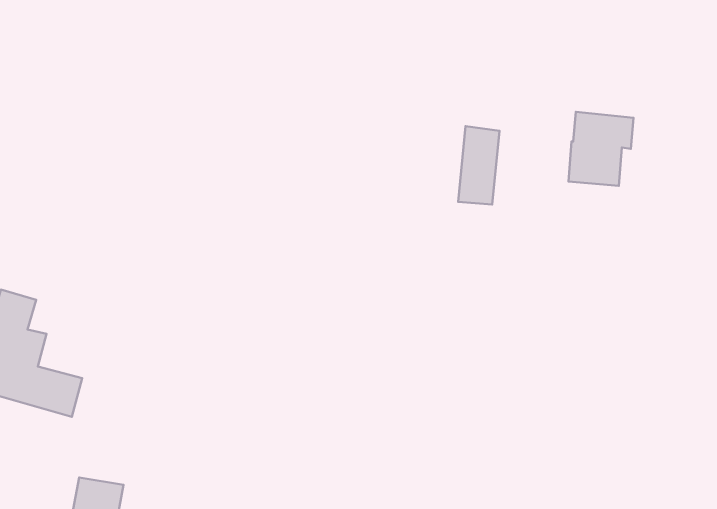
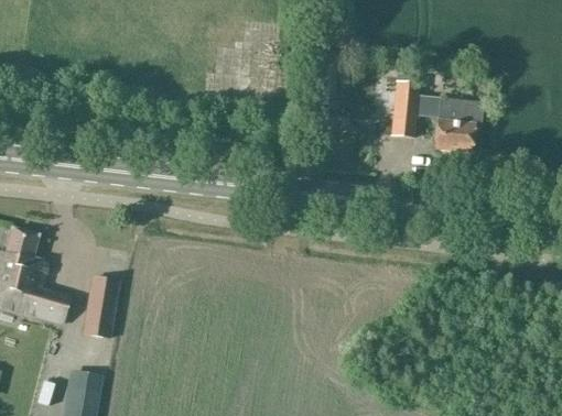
building: [458,126,499,205] -> [390,80,421,139]
building: none -> [82,275,119,339]

